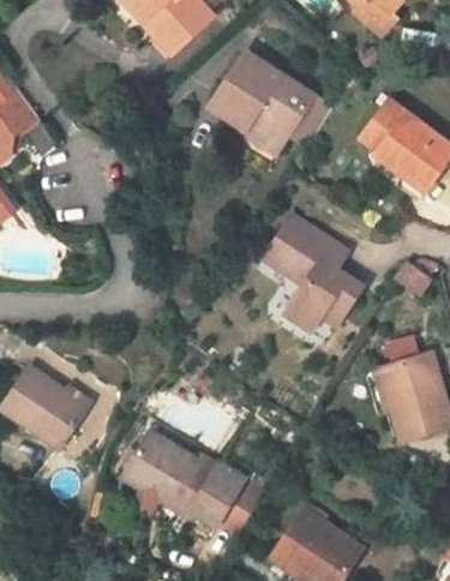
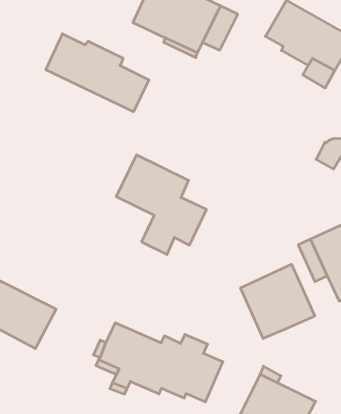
building: none -> [46,34,149,112]
building: [264,215,362,330] -> [116,155,206,255]
building: none -> [241,264,315,339]

